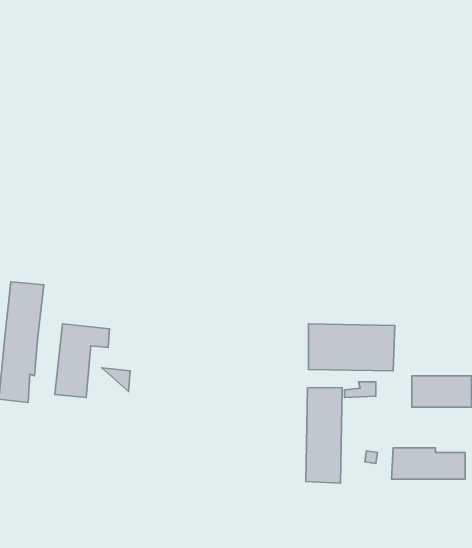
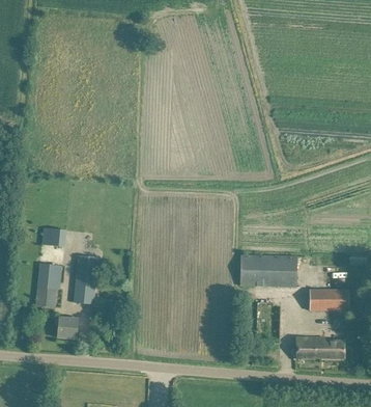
building: [306,388,342,483] -> none
building: none -> [57,313,78,338]

